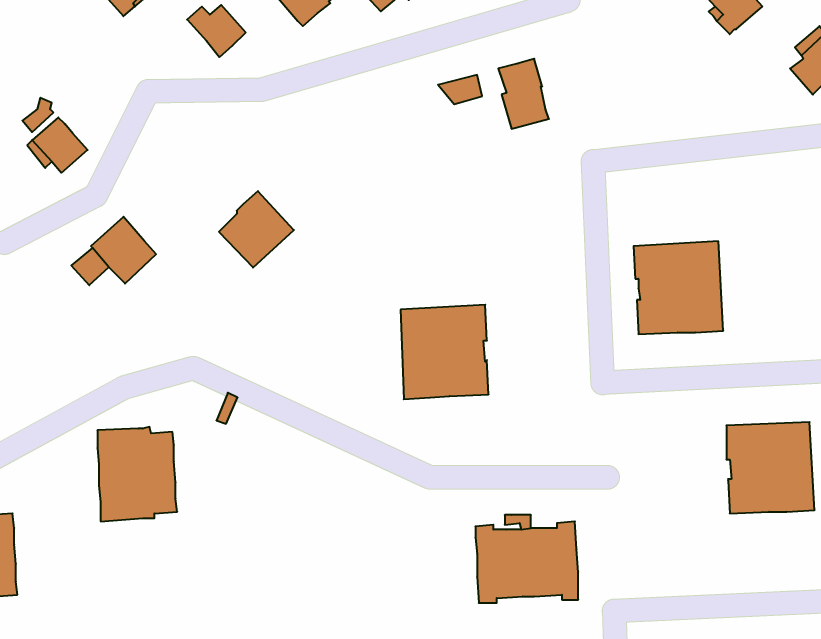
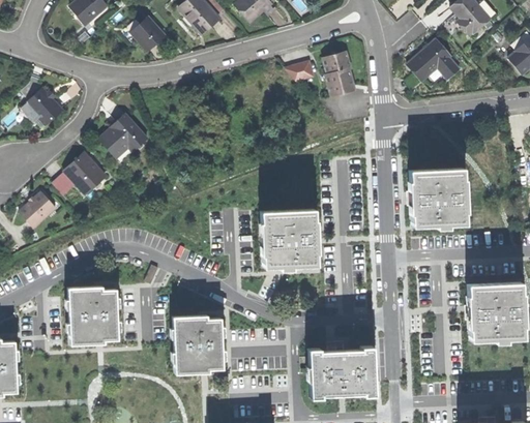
building: none -> [409,40,461,82]
building: [219,191,294,268] -> [100,115,148,163]
building: none -> [21,192,56,229]
building: none -> [174,315,225,375]

